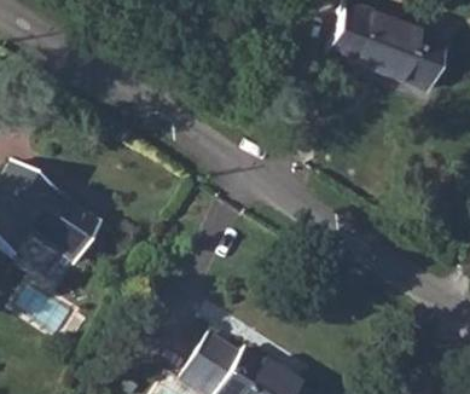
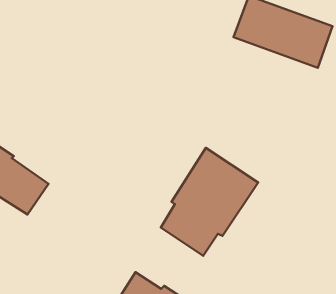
building: none -> [161,148,258,256]

